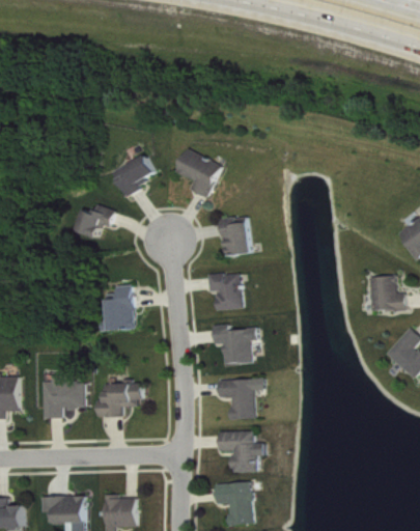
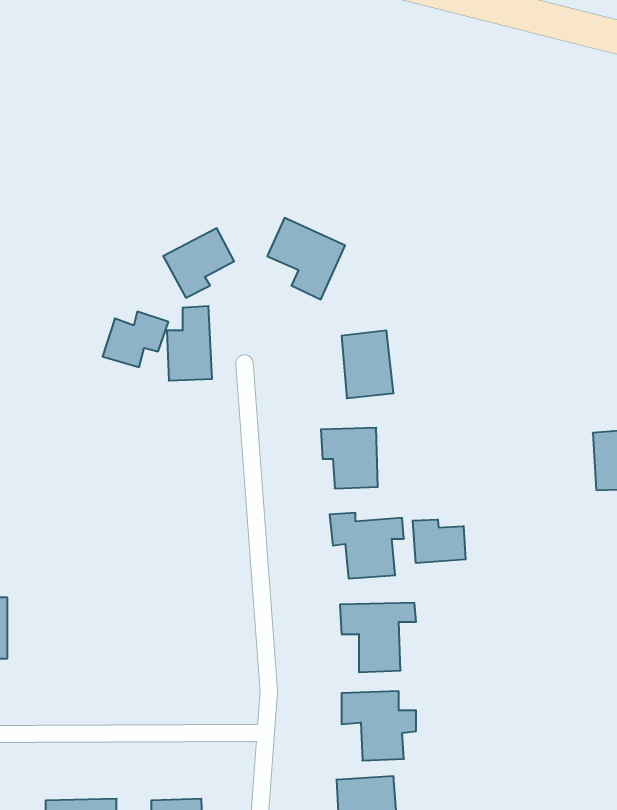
building: [106,285,133,330] -> [167,306,212,381]
building: none -> [413,519,466,563]
building: [43,375,84,419] -> none
building: [96,383,140,417] -> none

